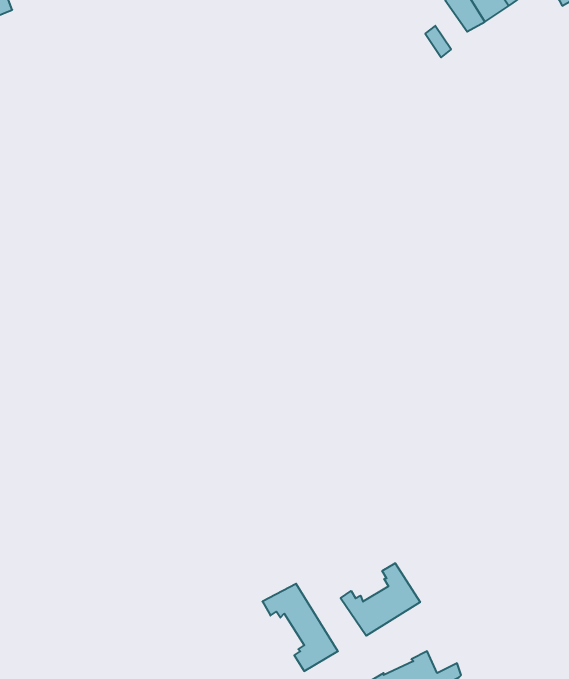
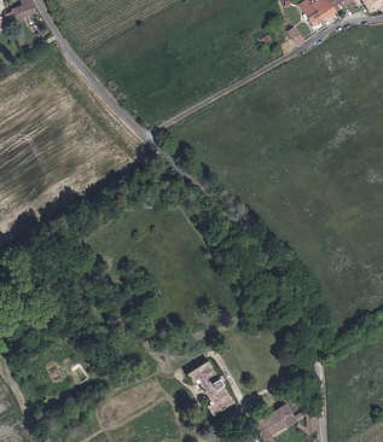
building: [341,563,420,636] -> none

